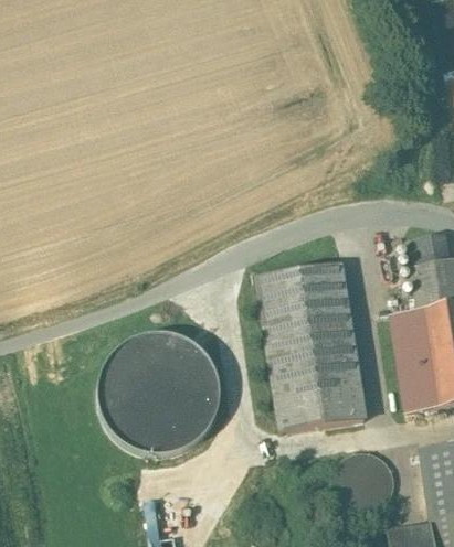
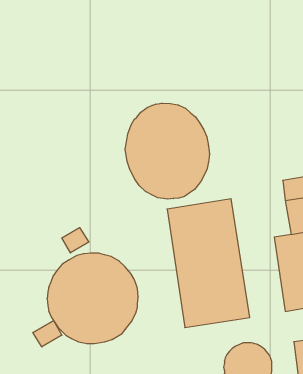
building: none -> [125,103,209,199]
building: none -> [62,228,89,253]
building: none -> [33,320,62,347]

